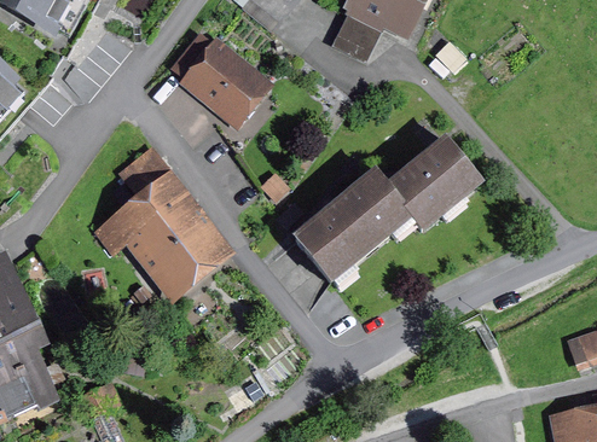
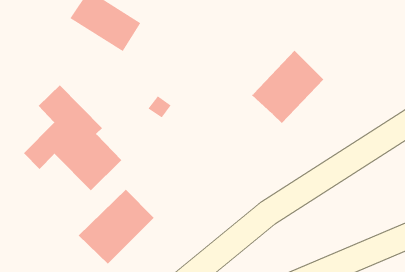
building: [296,173,411,281] -> none
building: none -> [78,189,154,264]

